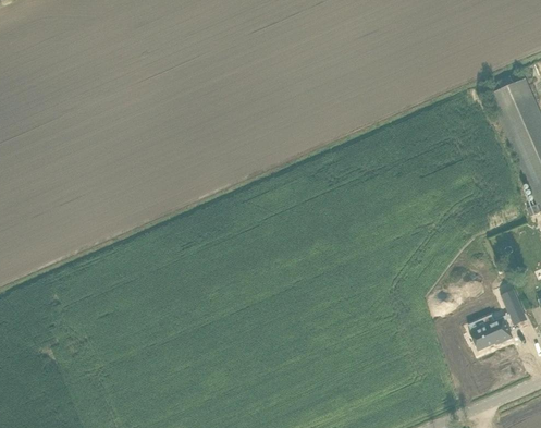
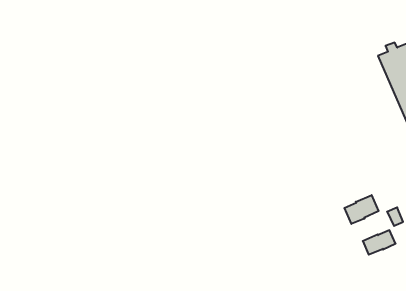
building: none -> [344,195,379,224]

